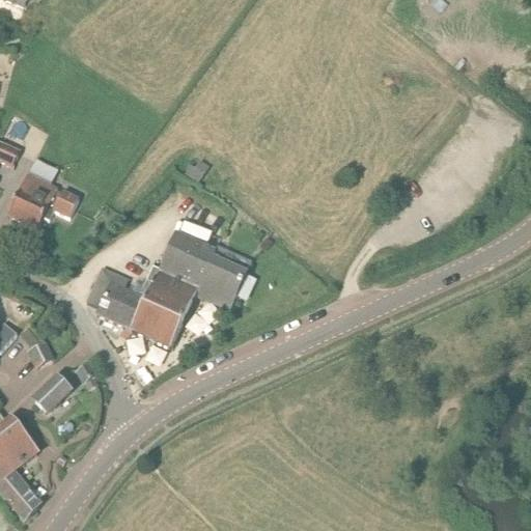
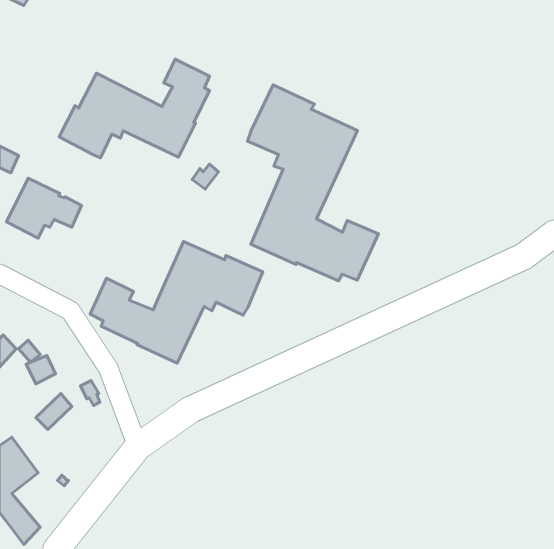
building: none -> [59,59,210,158]
building: none -> [247,85,378,281]

